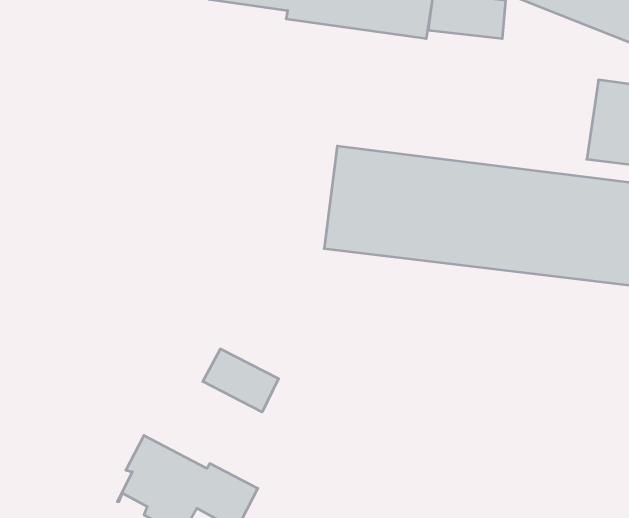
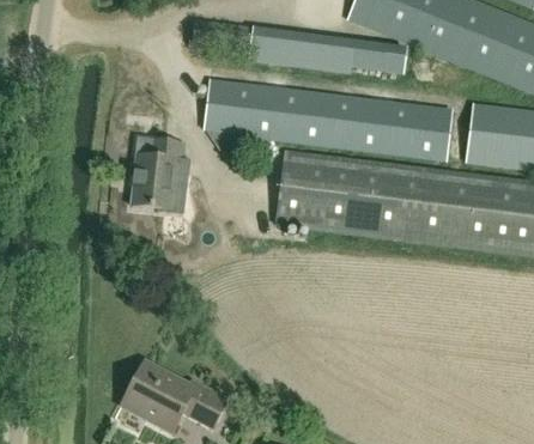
building: none -> [202,81,451,162]
building: none -> [128,135,196,214]
building: [203,349,279,412] -> none

